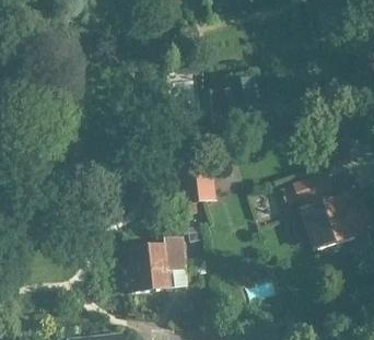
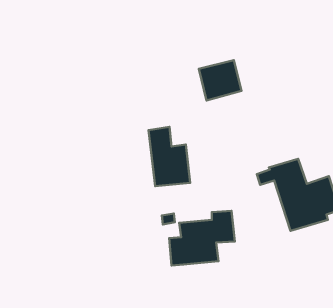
building: [120,236,186,291] -> [169,211,235,266]

